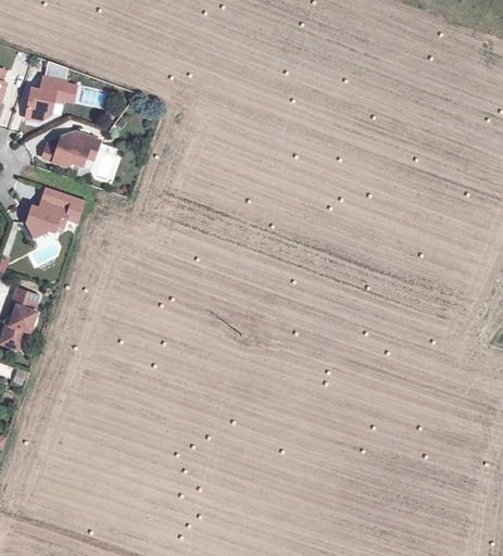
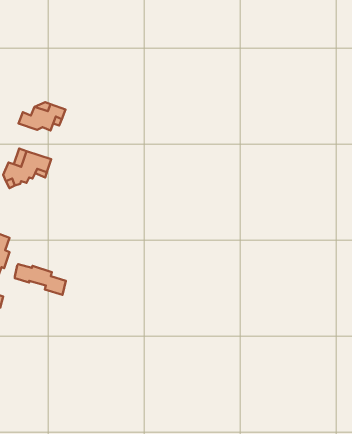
building: [28,77,68,121] -> none
building: none -> [15,264,66,295]

